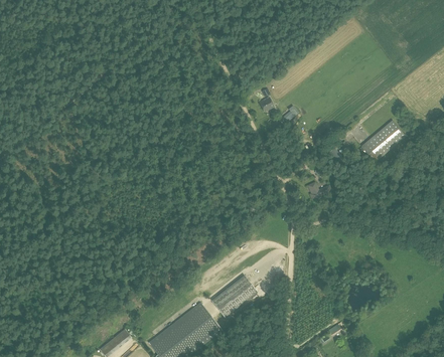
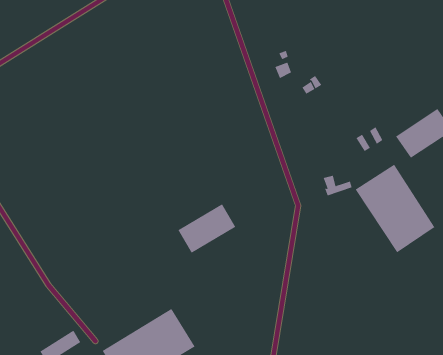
building: none -> [355,164,435,253]
building: [210,275,257,317] -> [177,204,236,253]

